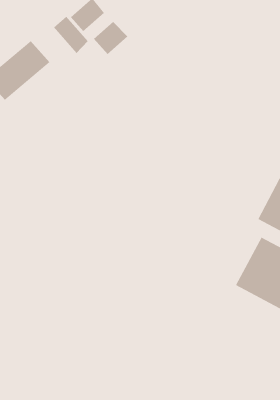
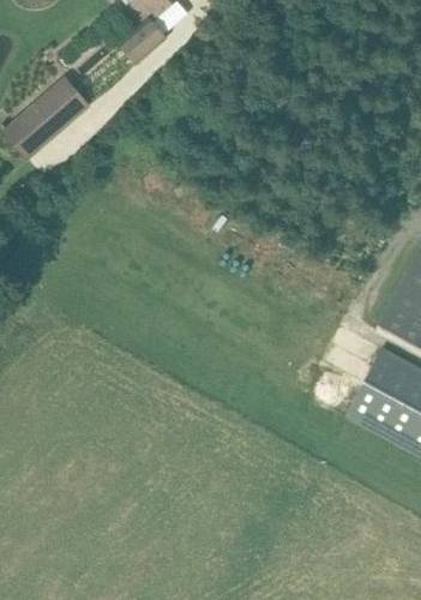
building: [53,16,89,54] -> none
building: [93,21,128,55] -> none

